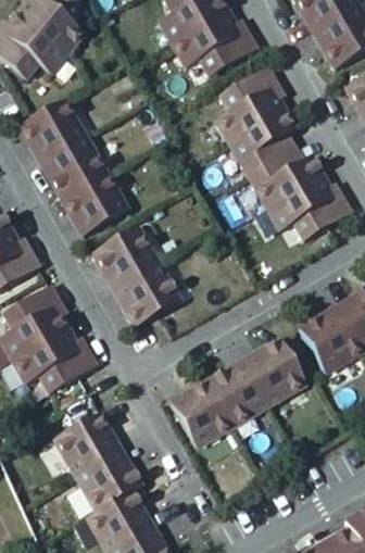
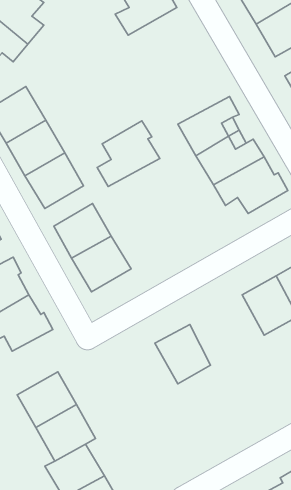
building: [175,12,254,74] -> none
building: [217,68,286,140] -> [97,121,160,186]
building: [242,339,303,404] -> none
building: [169,380,229,444] -> none

